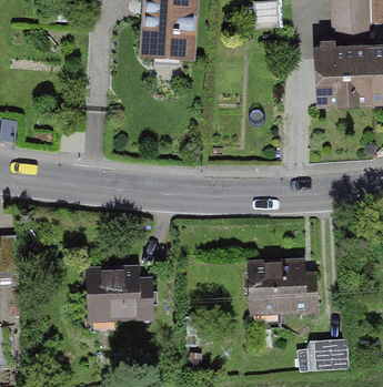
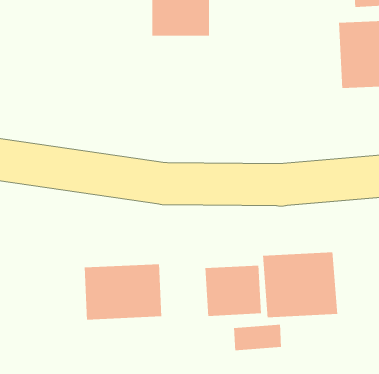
building: none -> [205,265,262,317]
building: [303,338,349,364] -> [233,324,282,351]

